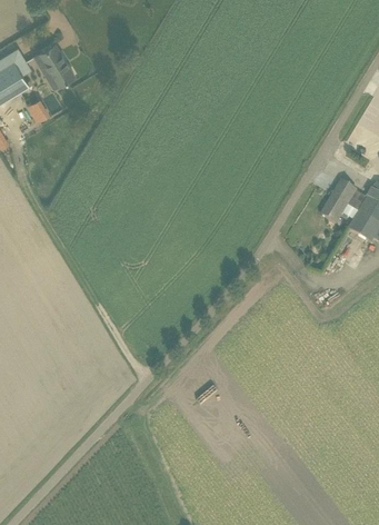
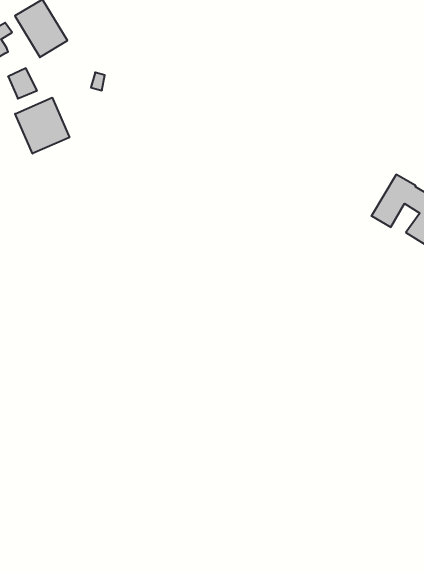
building: none -> [15,98,69,154]

